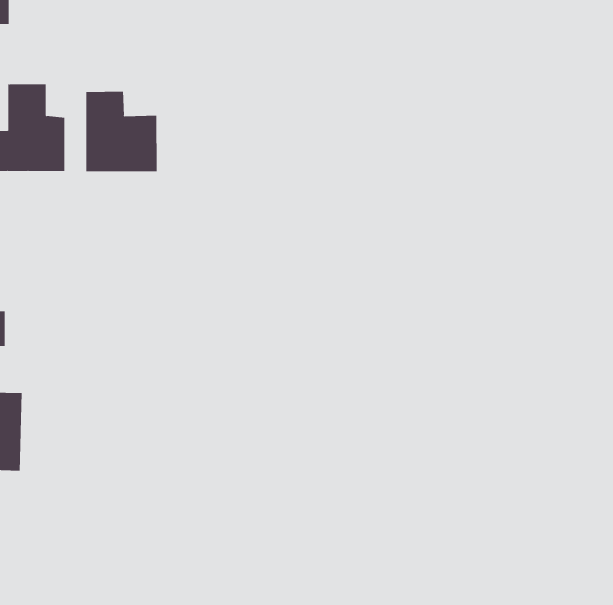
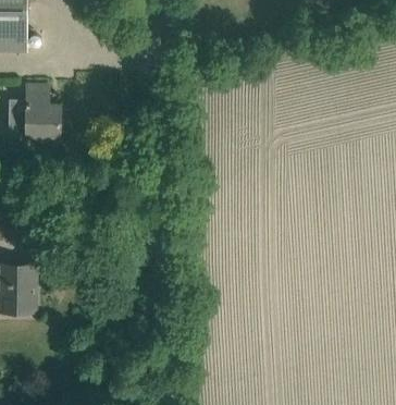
building: [86,91,157,172] -> none

